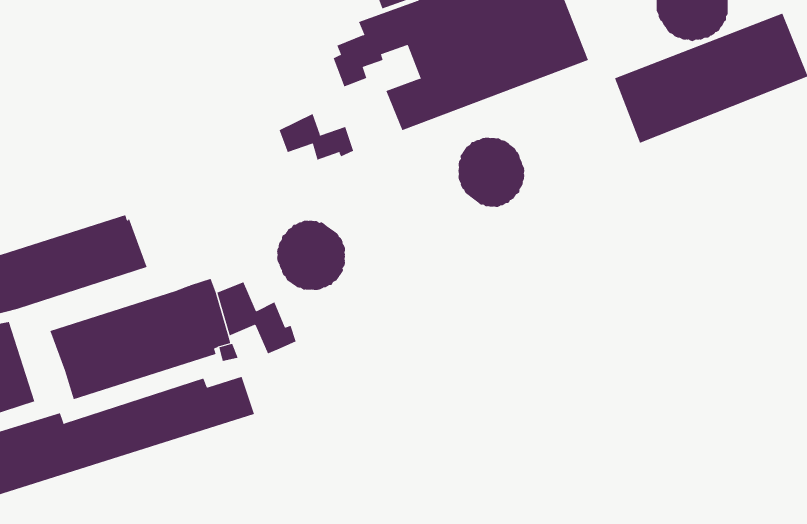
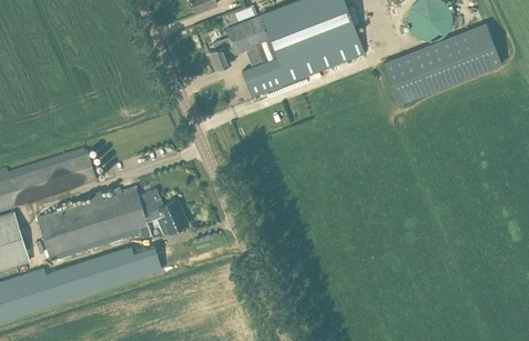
building: [279,113,354,160] -> none
building: [458,137,525,208] -> none
building: [277,220,346,291] -> none

